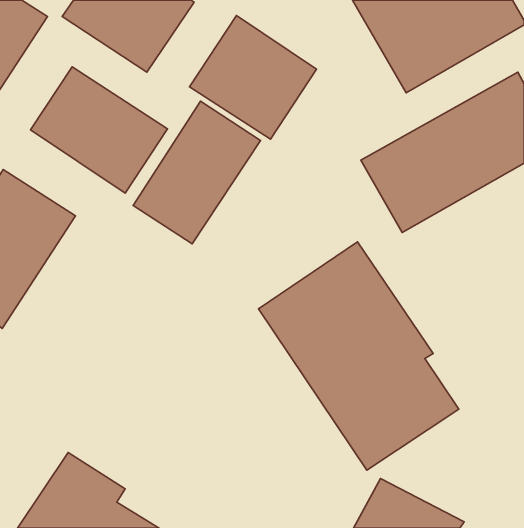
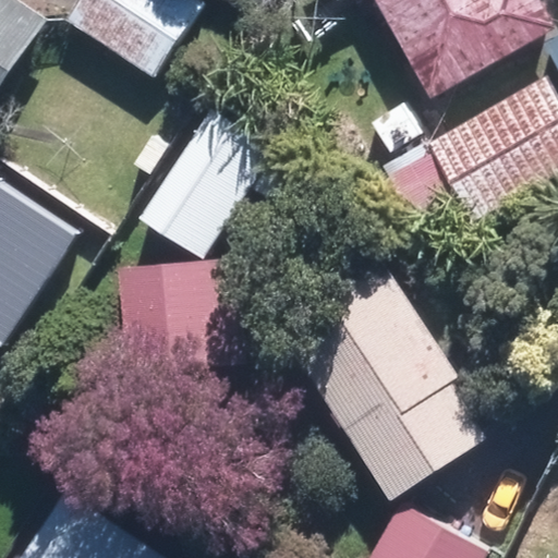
building: [190,15,316,139] -> none
building: [30,67,167,193] -> none
building: none -> [120,258,234,373]

